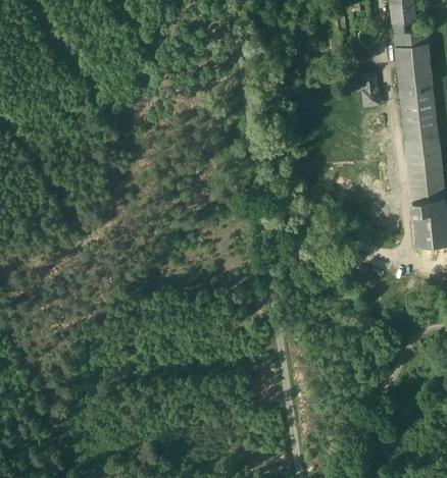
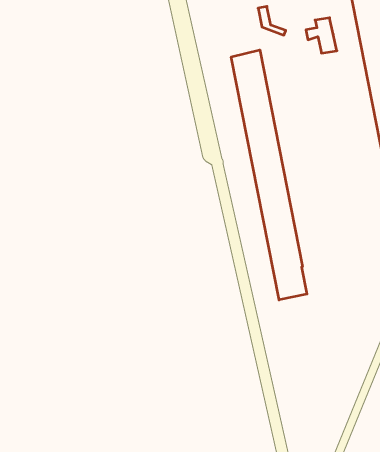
building: none -> [231,50,307,300]

